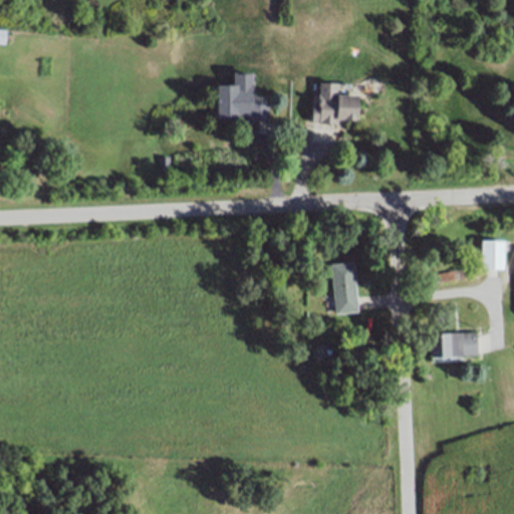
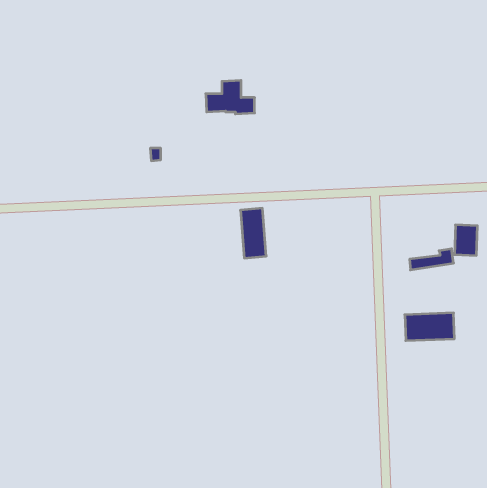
building: [313,82,358,124] -> none
building: [331,262,358,314] -> [240,208,266,258]

